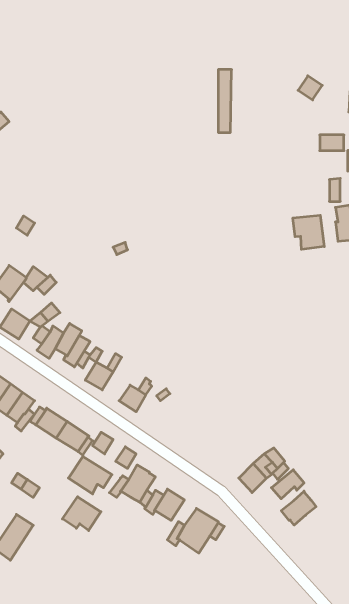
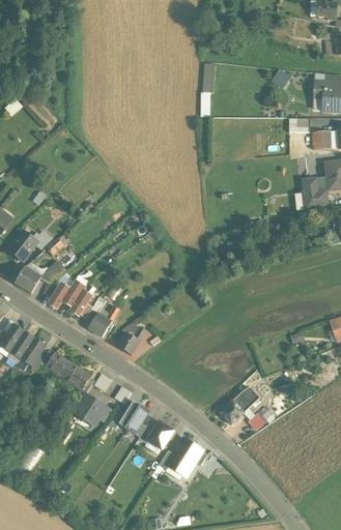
building: [293,215,324,249] -> none
building: [281,491,316,525] -> none
building: [62,497,101,531] -> none

